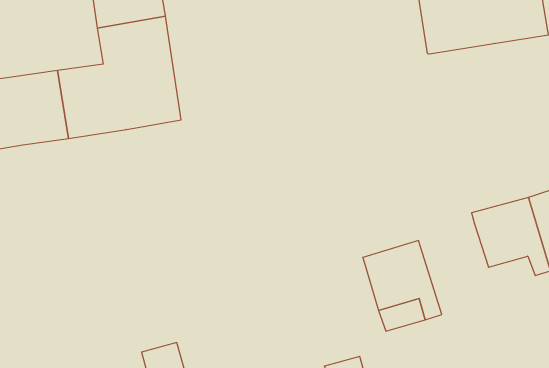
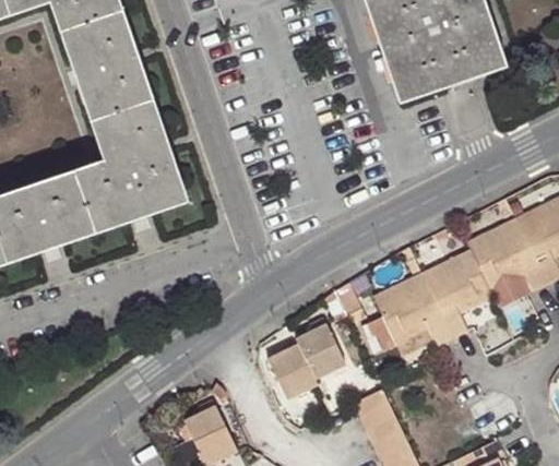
building: none -> [419,249,490,336]
building: none -> [269,323,346,399]

